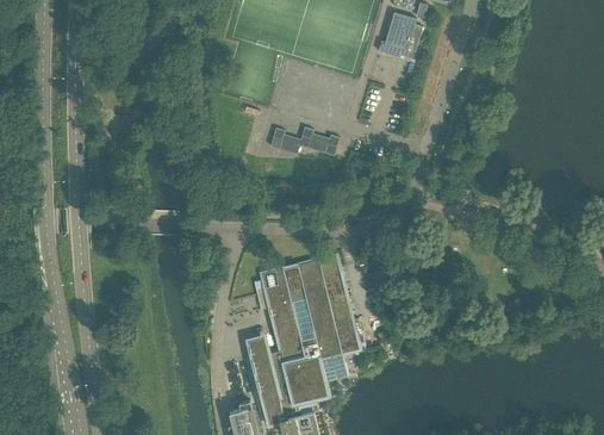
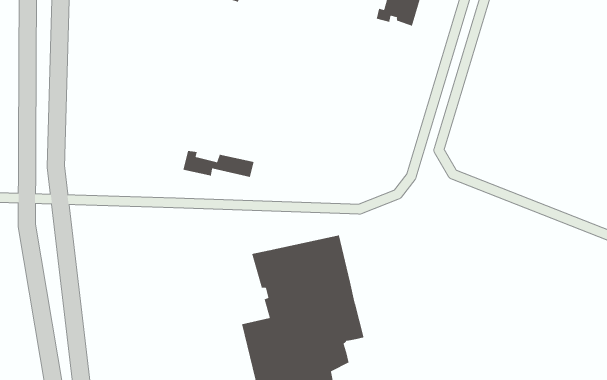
building: [266,128,334,154] -> [183,150,254,178]

